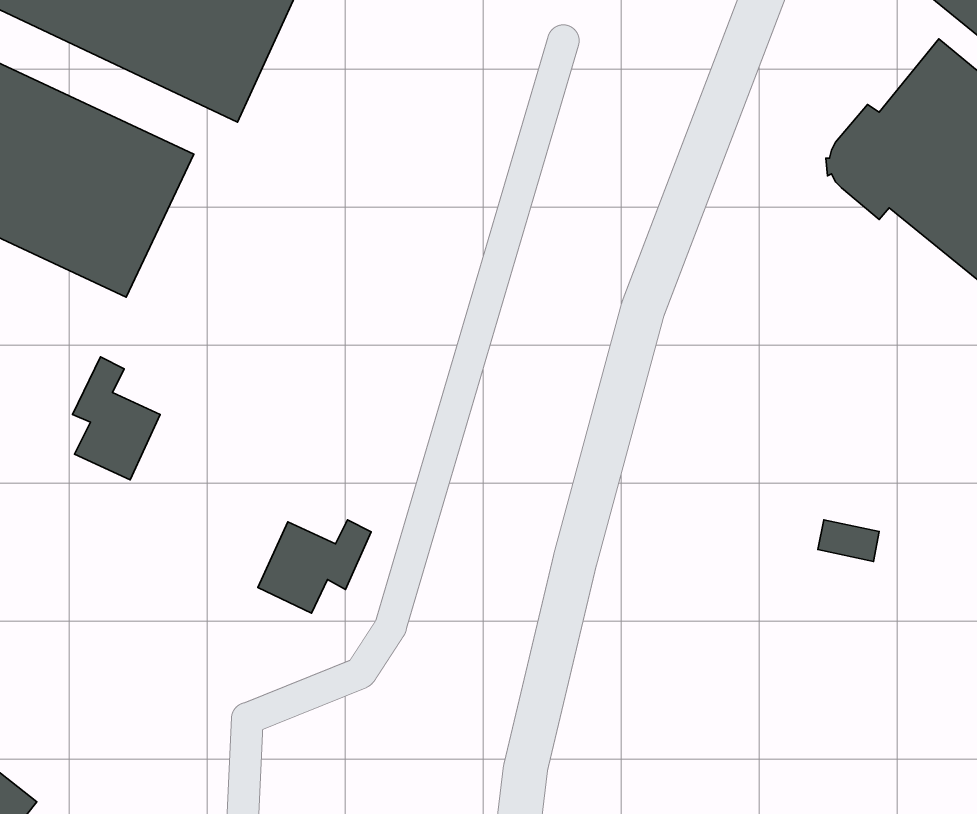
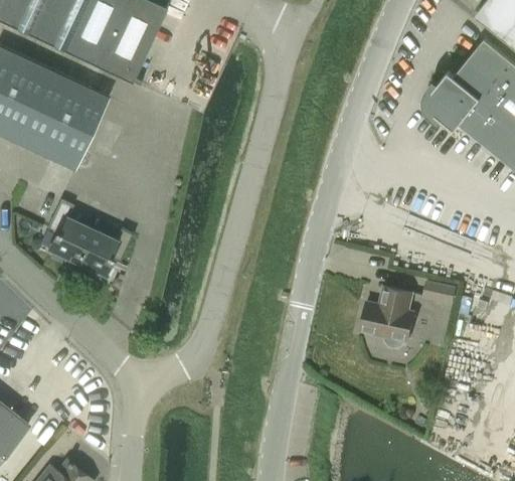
building: [258,520,371,613] -> [75,228,133,276]
building: none -> [360,288,413,348]

